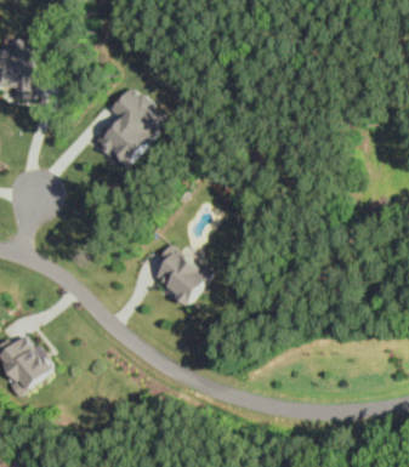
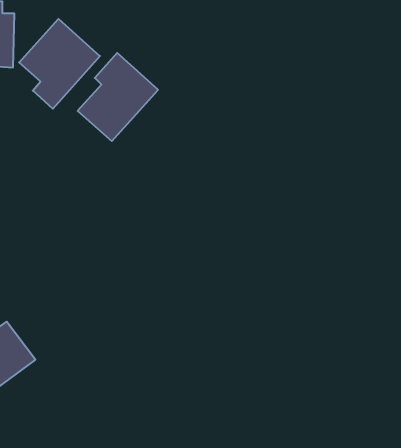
building: none -> [19,19,100,109]
building: [152,244,210,304] -> none

